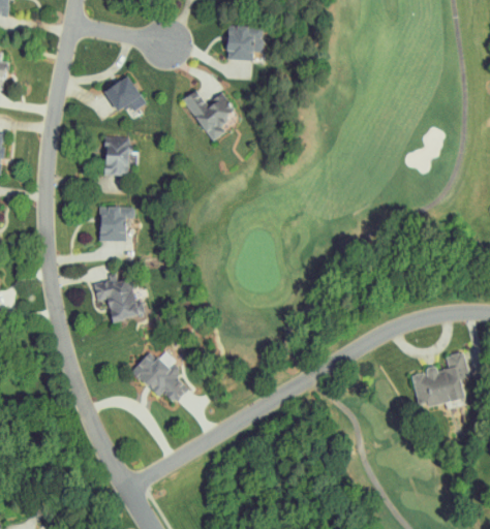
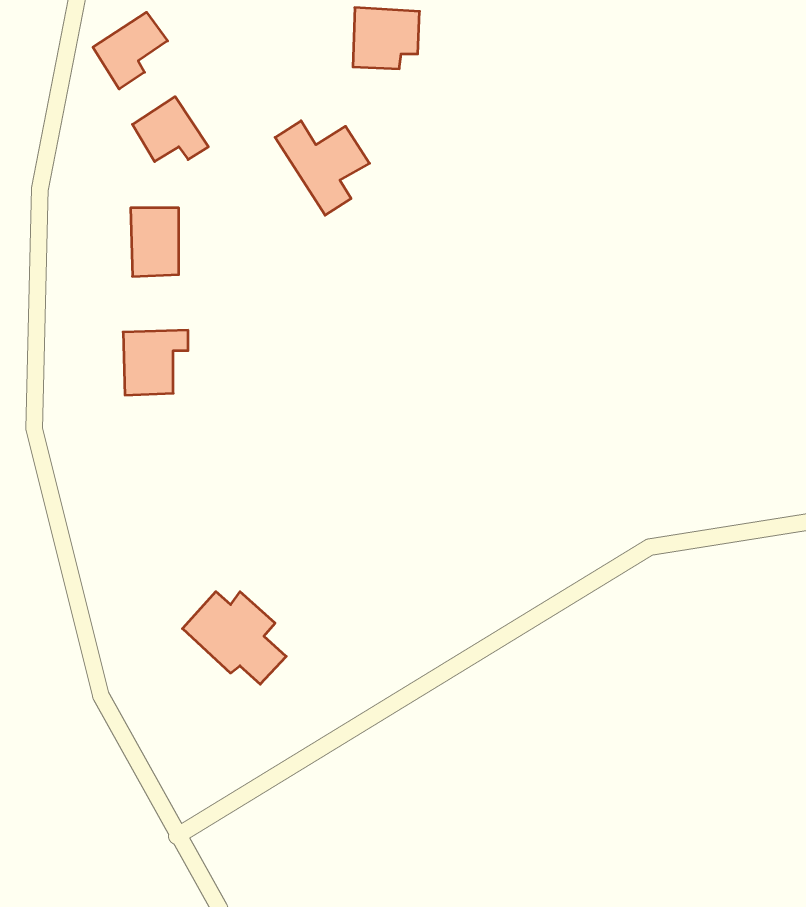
building: none -> [93,12,168,89]
building: [92,271,146,322] -> none
building: [410,352,469,408] -> none

